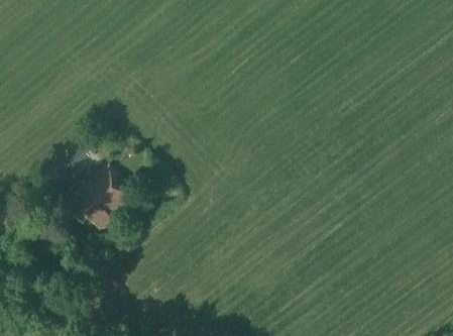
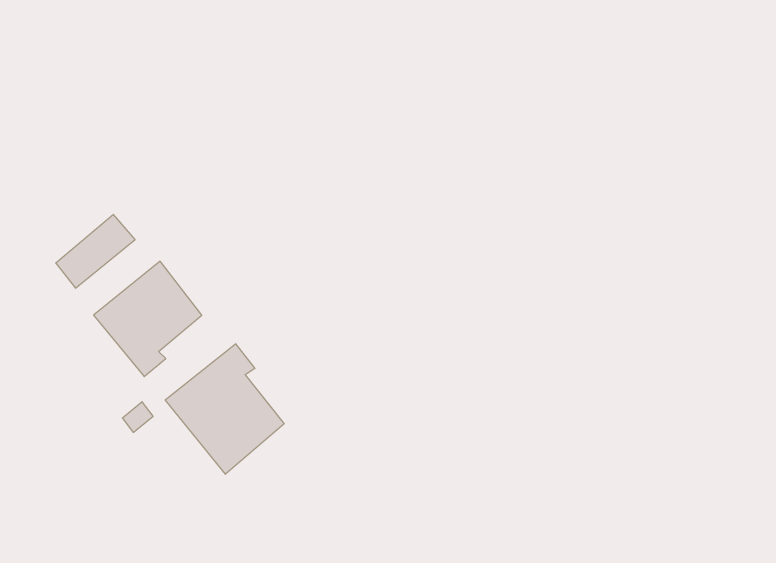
building: none -> [165,344,284,474]

